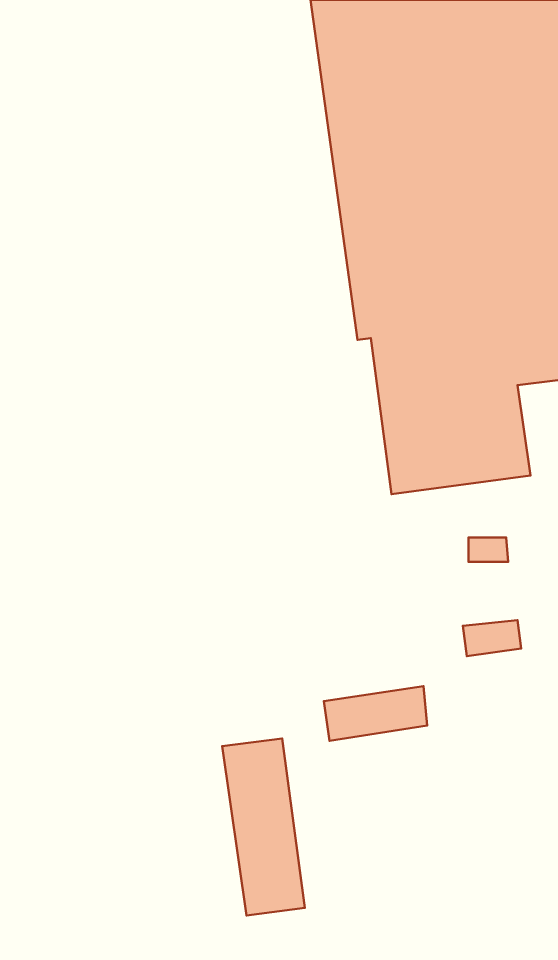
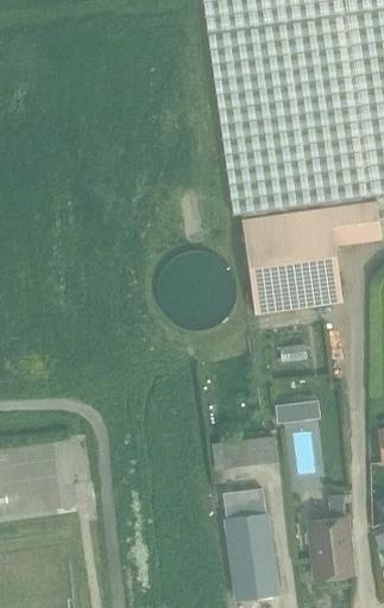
building: [222,739,305,915] -> [224,488,276,600]
building: none -> [308,494,353,577]

